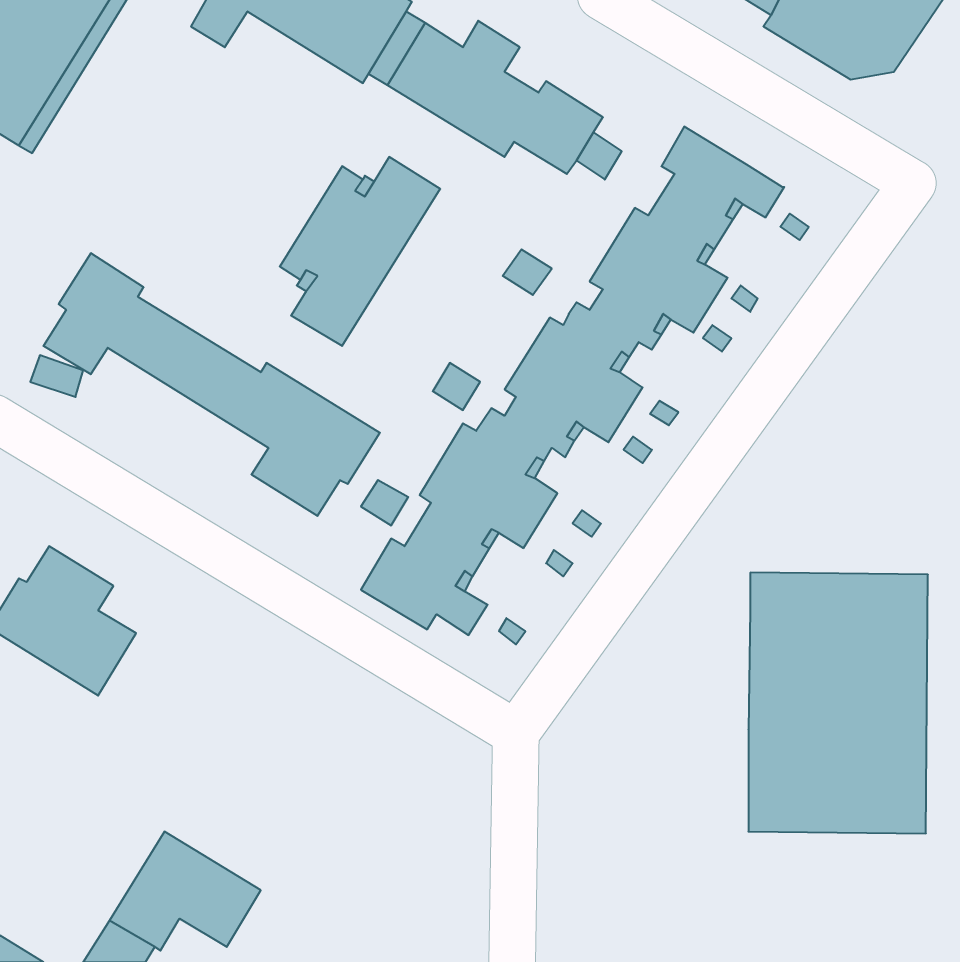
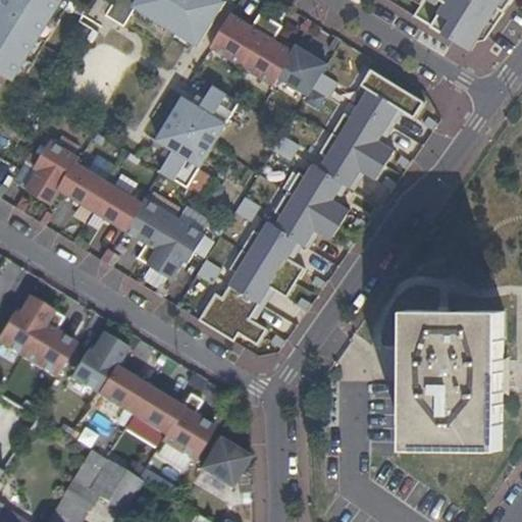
building: none -> [66,331,212,460]
building: none -> [198,436,248,487]

